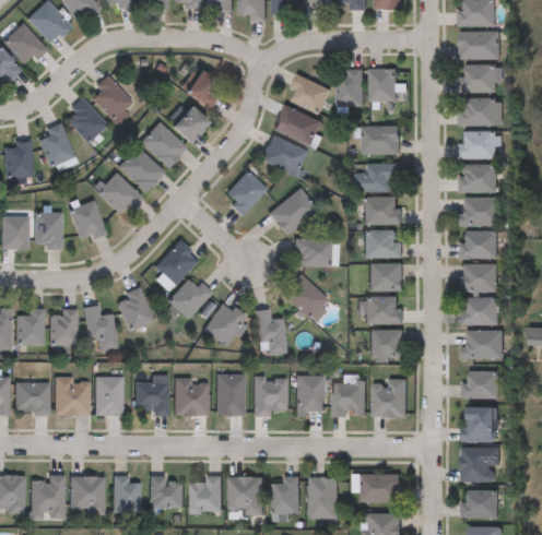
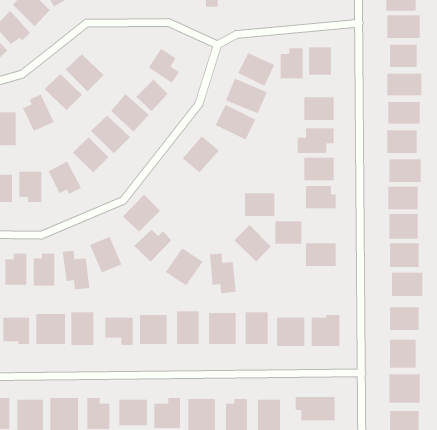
building: [268,188,316,236] -> none
building: [370,262,402,289] -> [275,221,302,244]
building: [370,330,403,360] -> none

